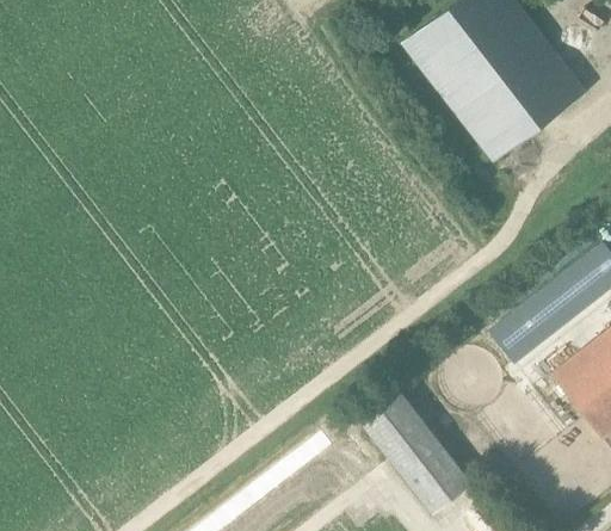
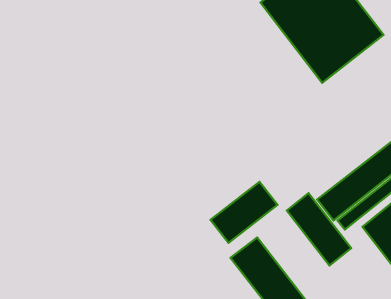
building: none -> [210,182,277,243]
building: none -> [287,193,351,265]

